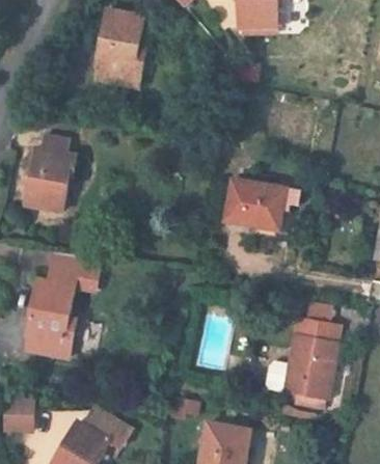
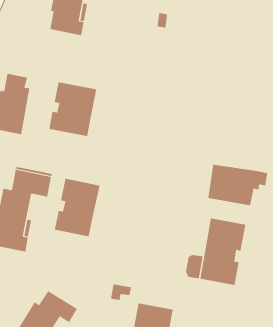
building: none -> [49,82,97,137]
building: [225,180,301,231] -> [207,164,268,206]
building: none -> [54,178,100,237]

